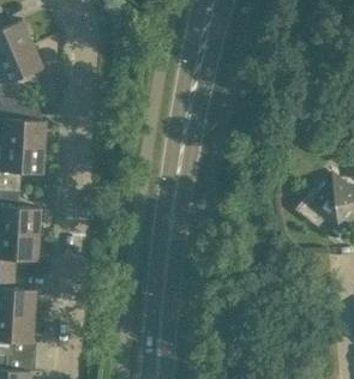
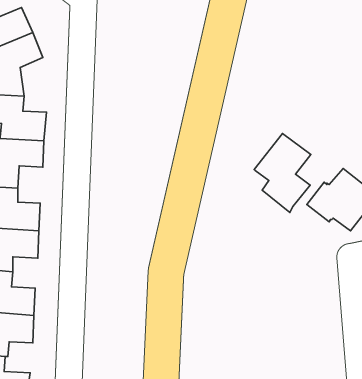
building: none -> [254,133,311,212]

